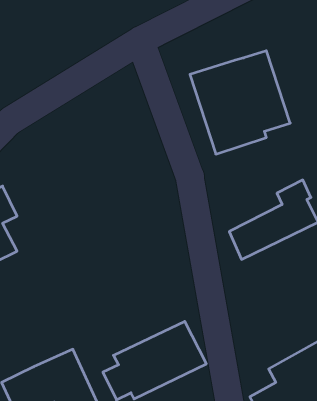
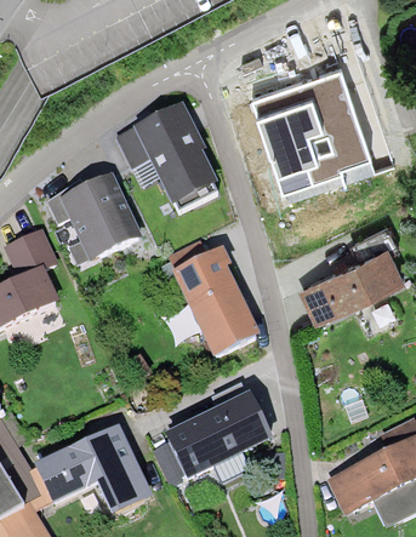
building: none -> [116,103,218,211]
building: none -> [58,167,141,262]
building: none -> [164,234,263,355]

